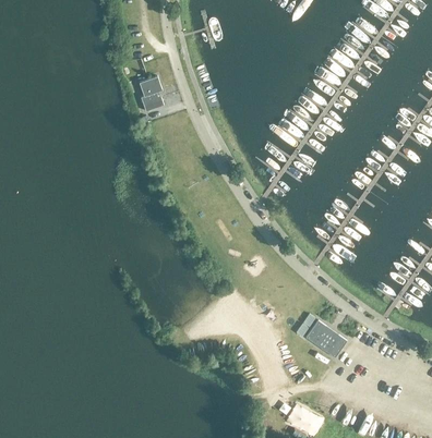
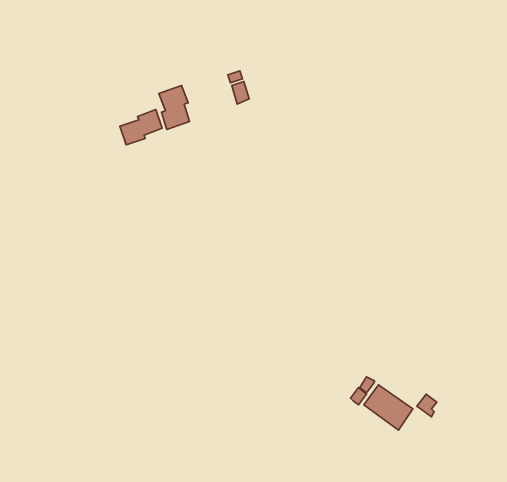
building: none -> [120,109,162,145]

